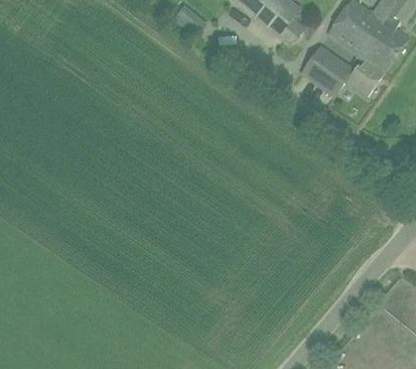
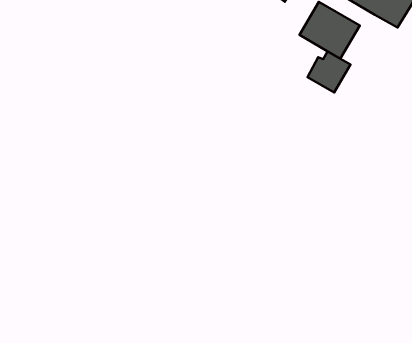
building: [346,60,383,95] -> [307,51,350,92]

